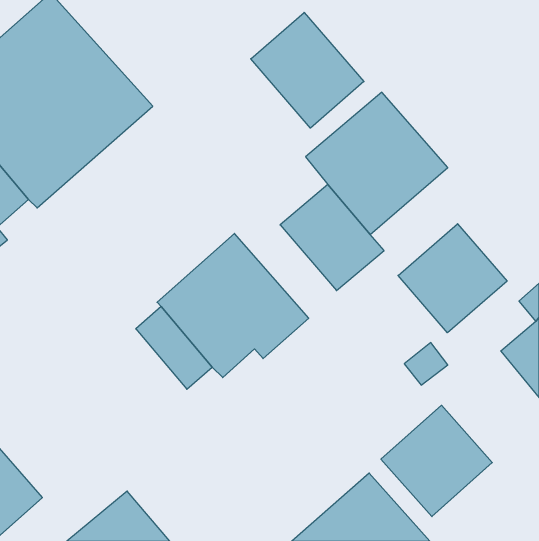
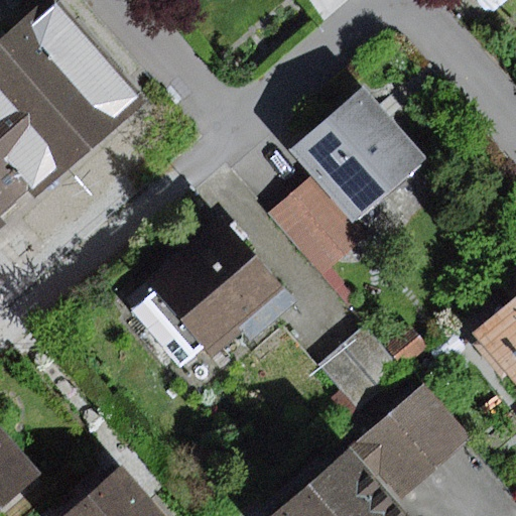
building: [251,12,364,128] -> none
building: [398,224,507,333] -> none
building: none -> [316,329,398,410]

